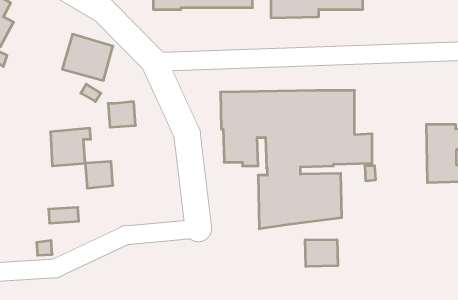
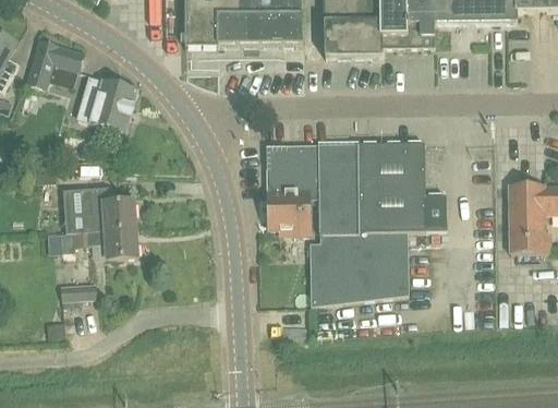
building: none -> [29,39,83,86]
building: [108,102,136,127] -> [102,197,135,228]
building: none -> [49,229,93,253]
building: [305,240,338,267] -> none

